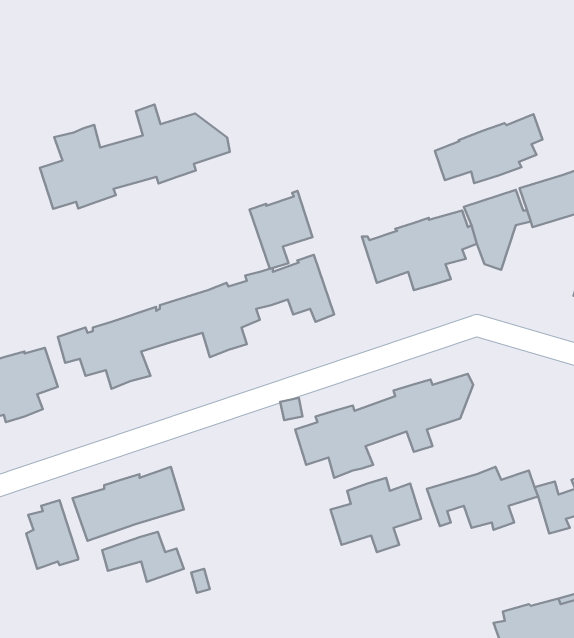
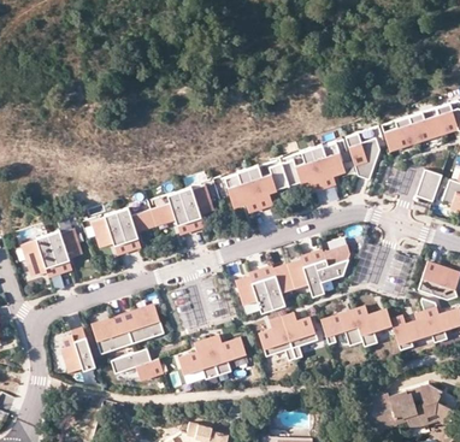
building: [40,105,230,209] -> none
building: [435,114,542,183] -> none
building: [249,191,312,269] -> [247,157,288,207]
building: none -> [177,336,246,379]

